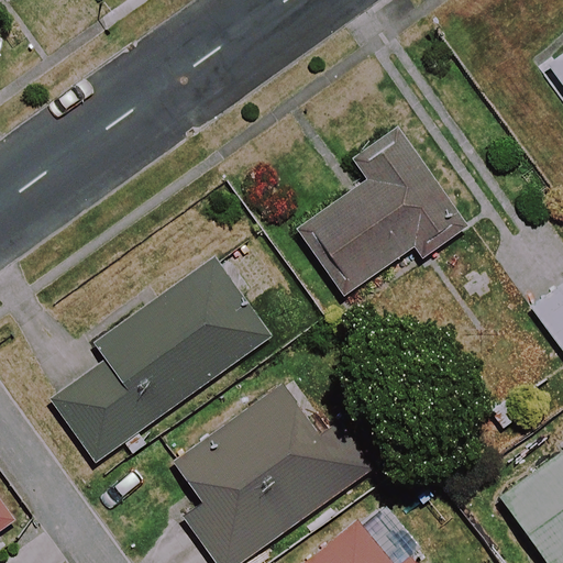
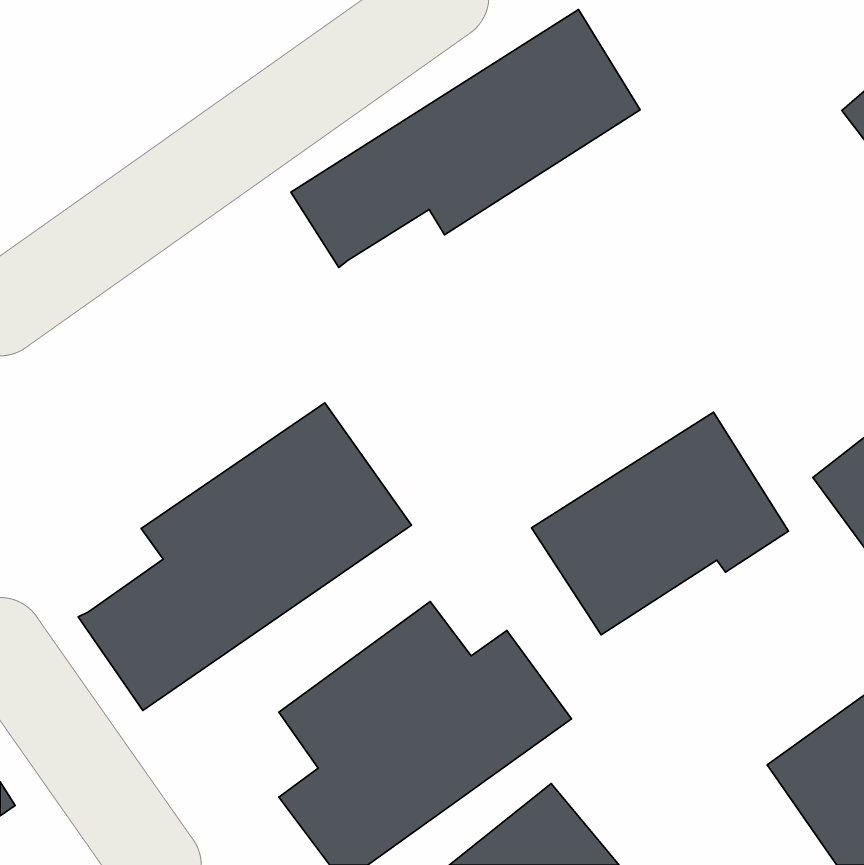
building: none -> [291,9,640,267]
building: [296,153,462,297] -> [532,412,788,635]

